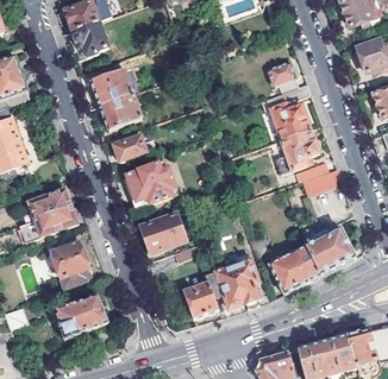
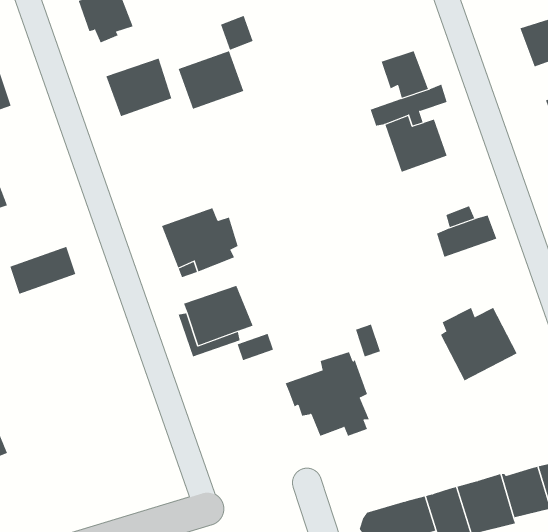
building: [100,93,143,131] -> [178,50,244,110]
building: [275,130,319,175] -> none
building: [114,134,148,162] -> none
building: [29,206,77,235] -> none
building: [39,233,88,289] -> none
building: [269,245,321,293] -> none
building: [183,282,218,317] -> none
building: [52,295,107,339] -> none

